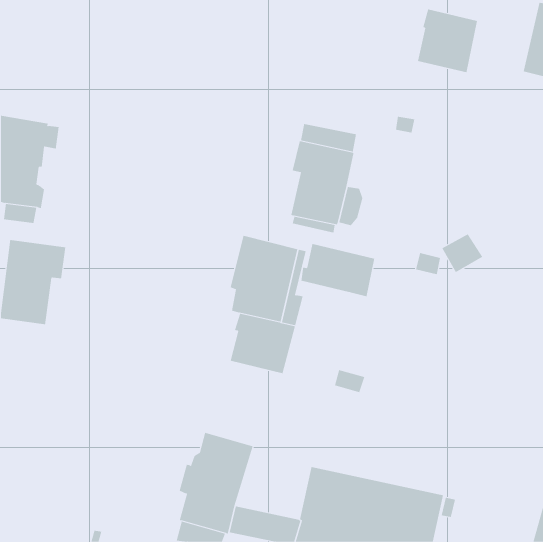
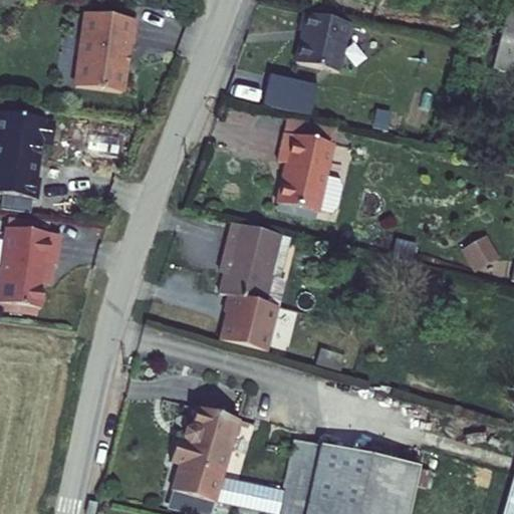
building: [417,9,478,73] -> [293,12,350,72]
building: none -> [75,9,135,89]
building: none -> [262,74,317,115]
building: [442,233,483,273] -> [462,235,501,272]
building: [301,243,375,297] -> none

